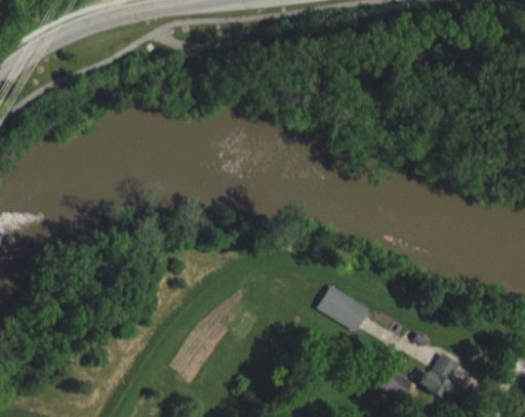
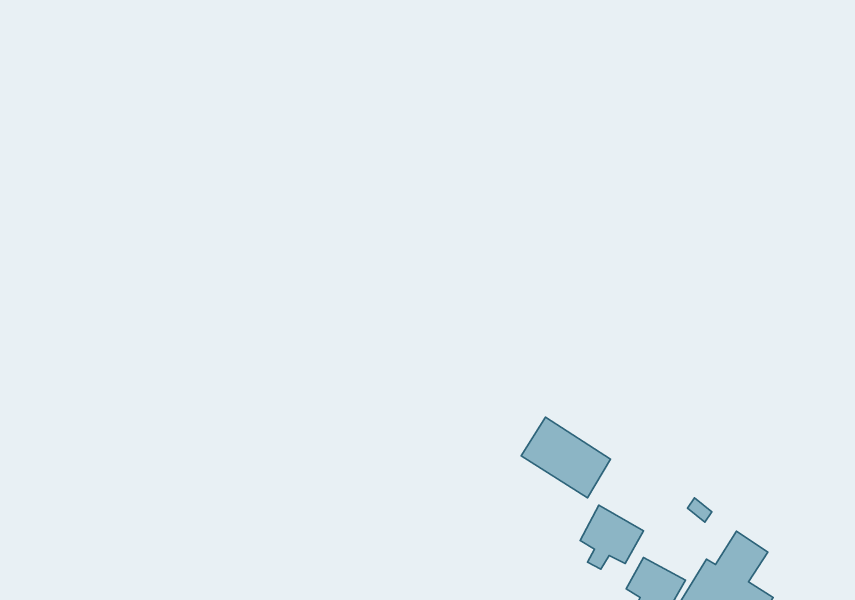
building: none -> [580,505,643,569]

